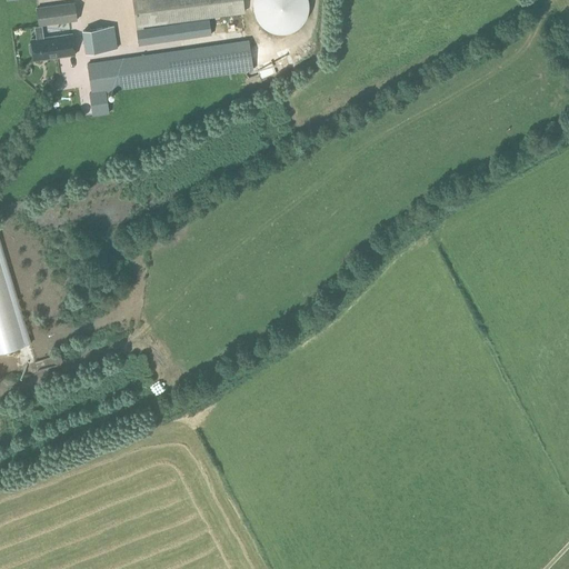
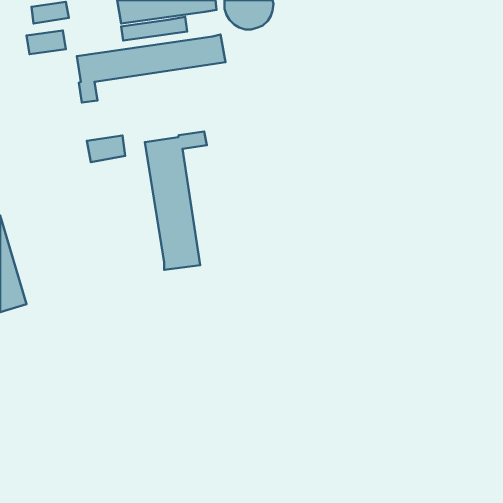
building: [82,26,118,53] -> none
building: none -> [145,131,207,270]
building: none -> [87,136,125,162]

